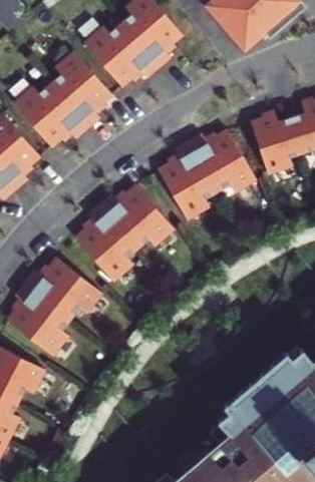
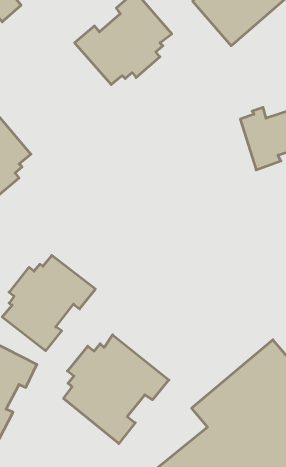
building: [14,53,111,148] -> none
building: [159,127,256,216] -> none
building: [77,185,175,281] -> none
building: none -> [64,335,169,444]

